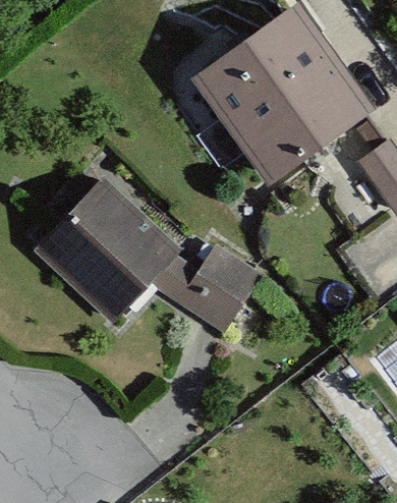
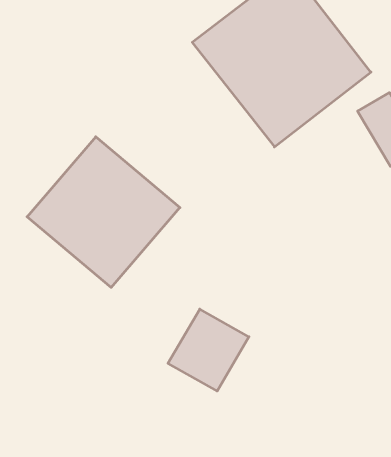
building: [175,243,256,325] -> [168,309,249,391]

